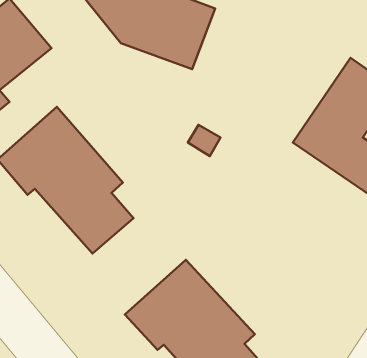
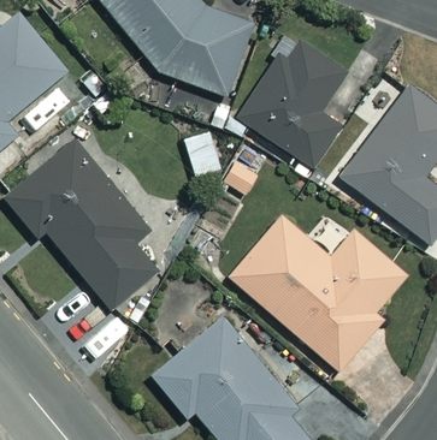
building: none -> [240,42,346,166]
building: none -> [230,218,404,369]

